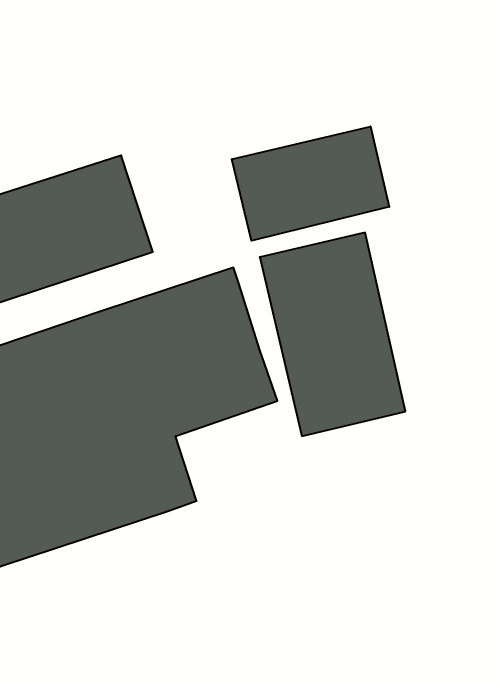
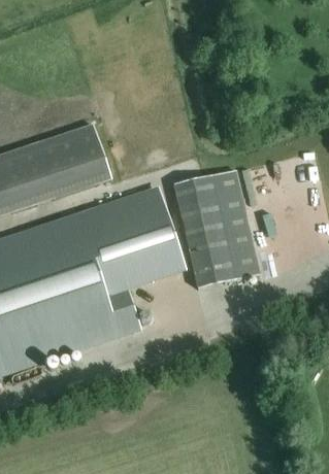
building: [232,126,389,241] -> none

